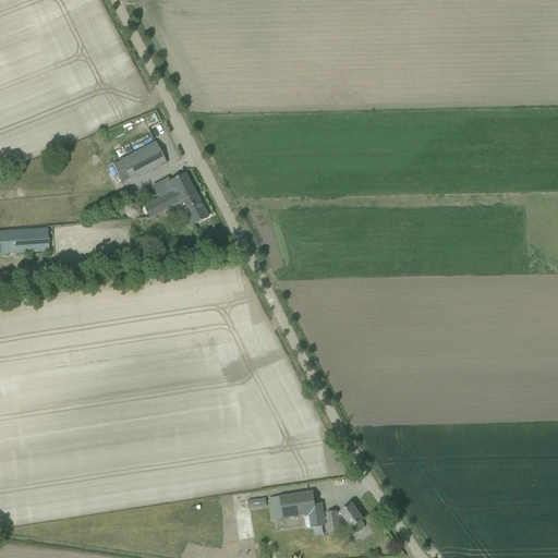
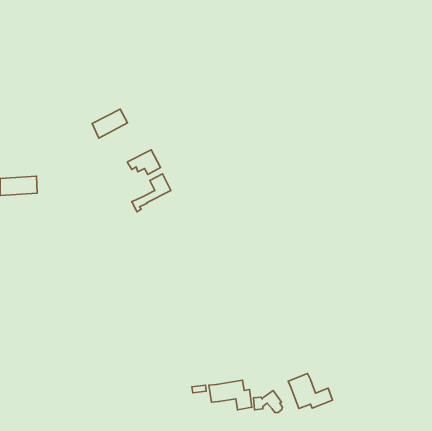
building: [145,171,195,220] -> [132,174,171,212]
building: none -> [288,374,332,408]

